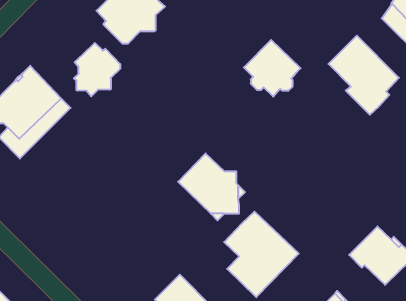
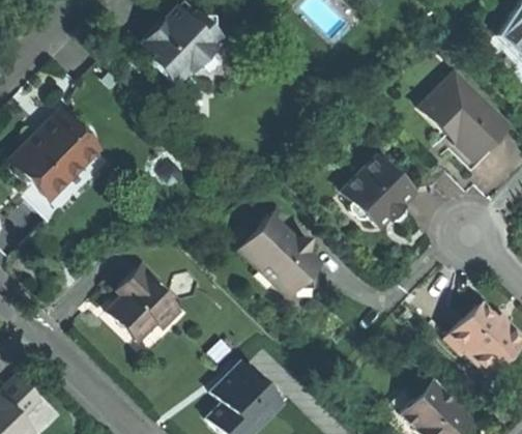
building: [244,40,301,97] -> [343,155,411,224]
building: [74,43,120,96] -> none
building: none -> [109,262,181,339]
building: [224,212,299,297] -> none

